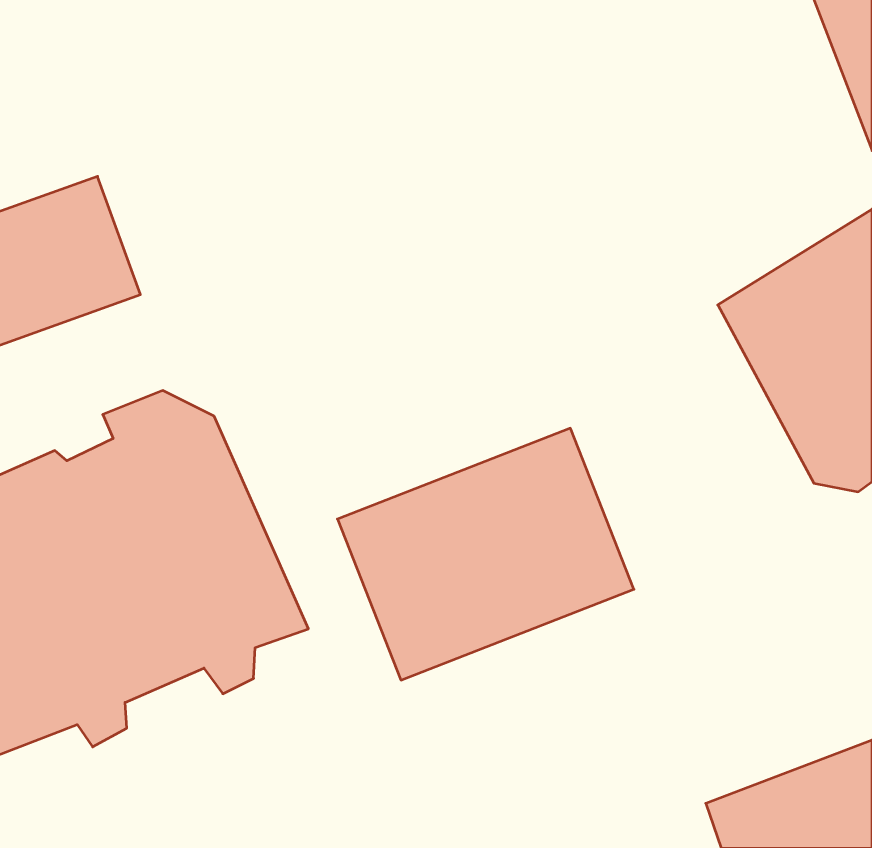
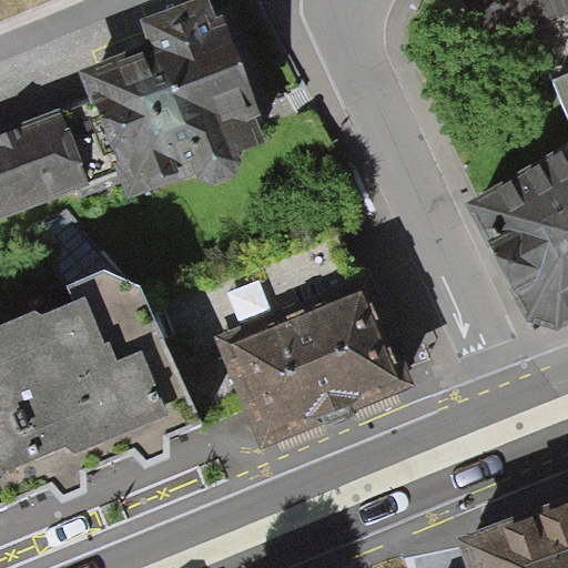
building: none -> [82,4,273,202]

